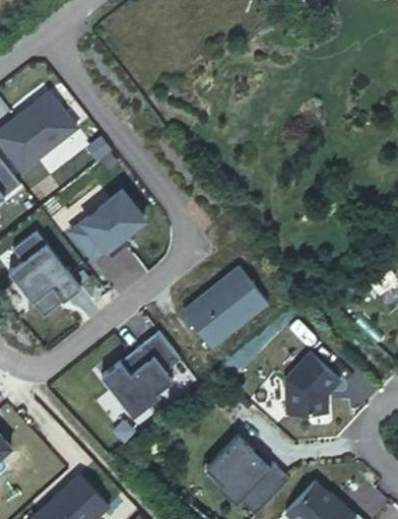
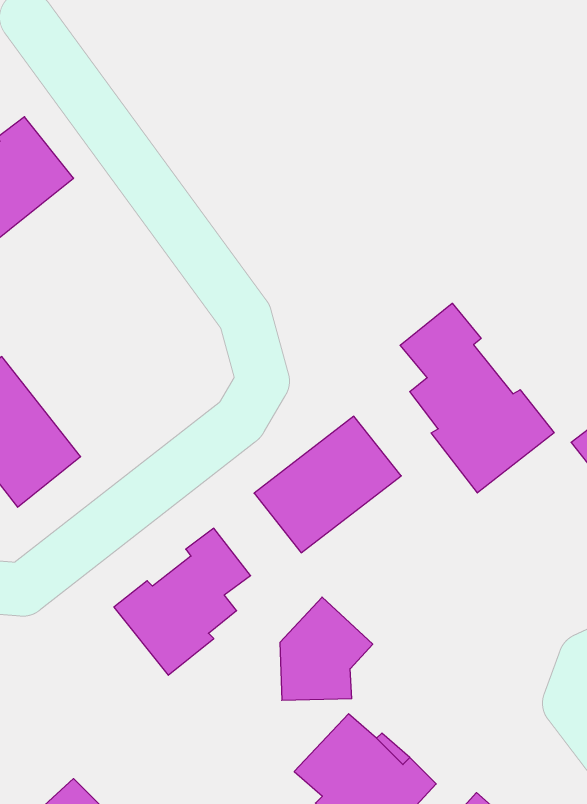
building: [71,191,145,260] -> none
building: none -> [400,303,554,493]
building: [289,353,343,413] -> [280,597,373,700]

